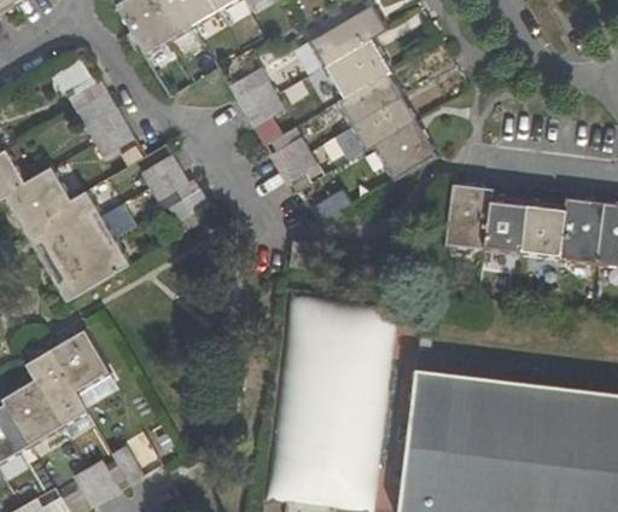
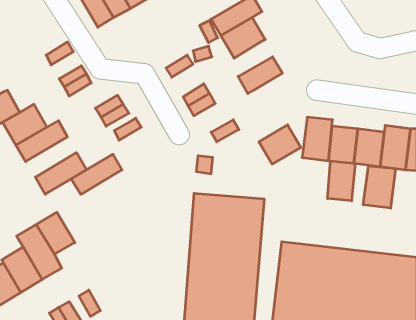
building: [229,69,276,115] -> none
building: [337,74,402,127] -> none
building: [374,122,436,180] -> [259,125,301,164]
building: [39,216,113,275] -> [71,154,122,194]
building: none -> [328,161,355,201]
building: none -> [363,166,395,208]

